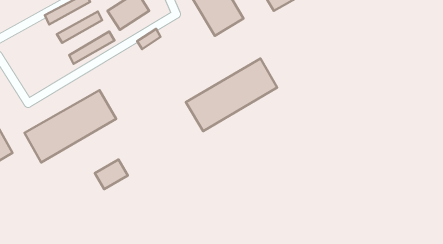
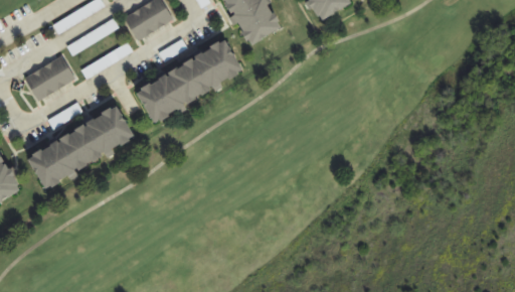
building: none -> [24,54,74,99]
building: [186,59,277,131] -> [136,43,241,127]
building: [95,160,128,189] -> none

